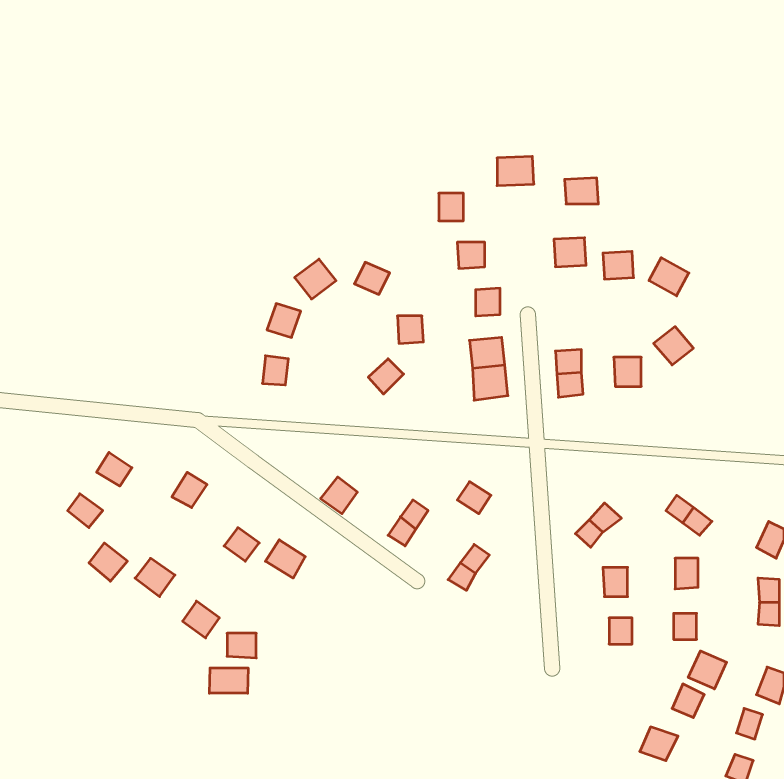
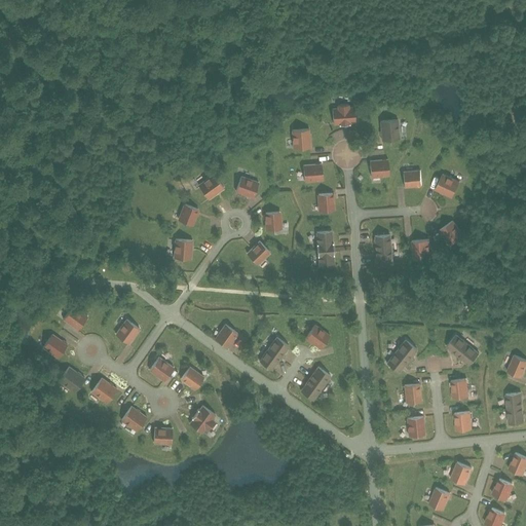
building: none -> [189,404,217,431]
building: [688,651,727,689] -> none
building: [209,668,248,693] -> none

